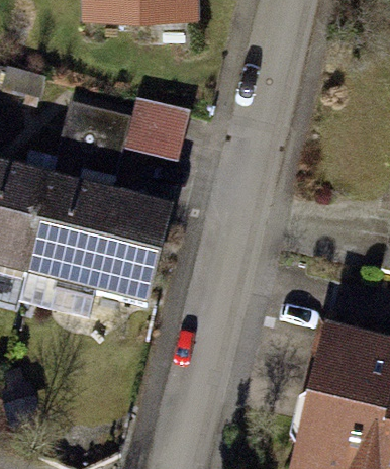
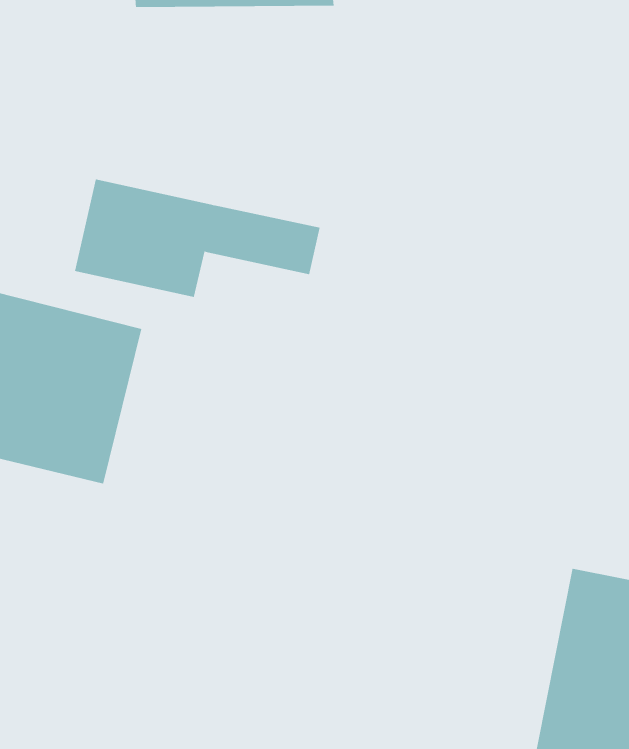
building: [67,193,178,305] -> none

